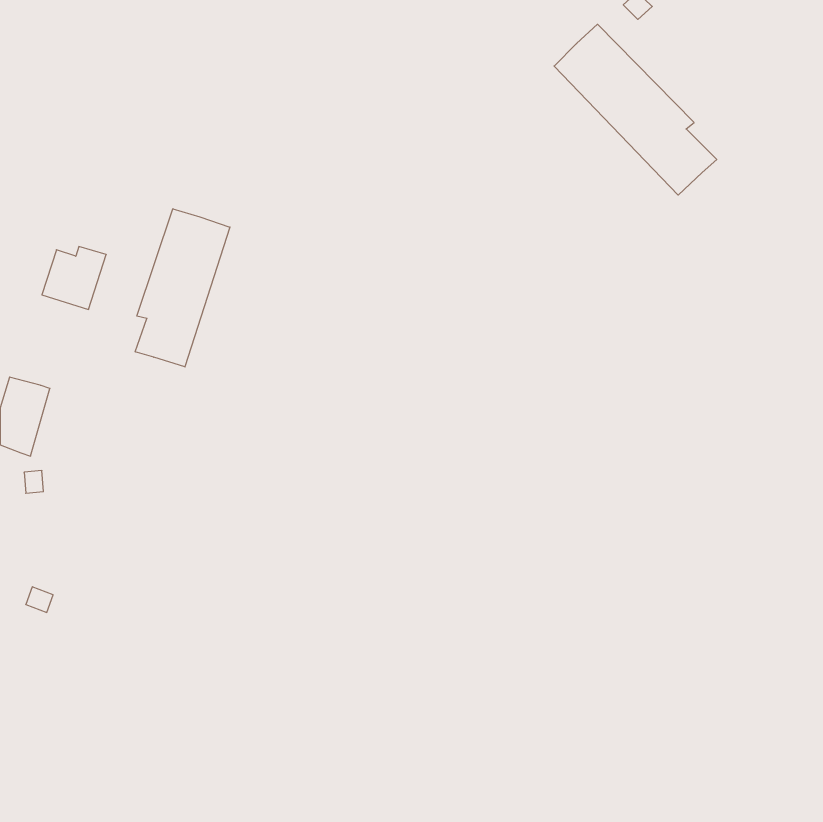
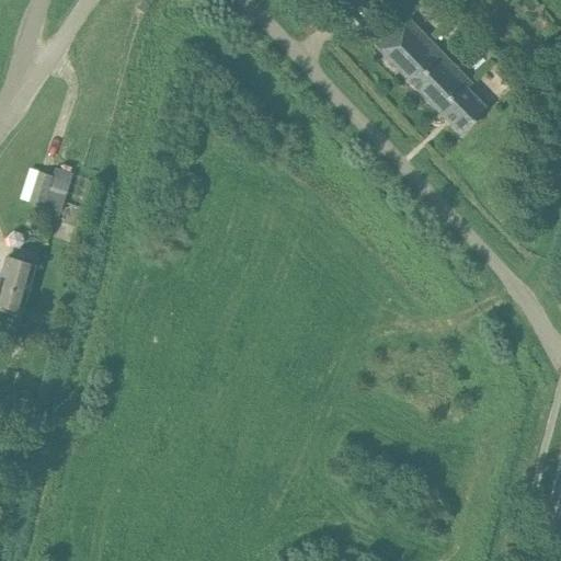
building: [135,209,230,367] -> none

